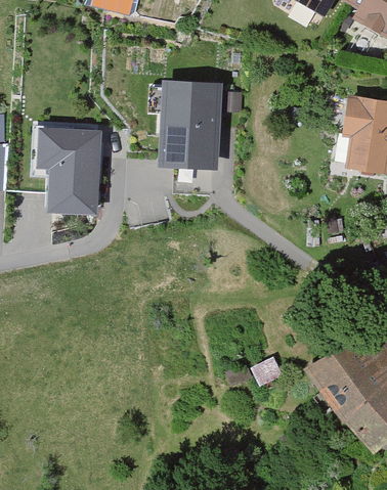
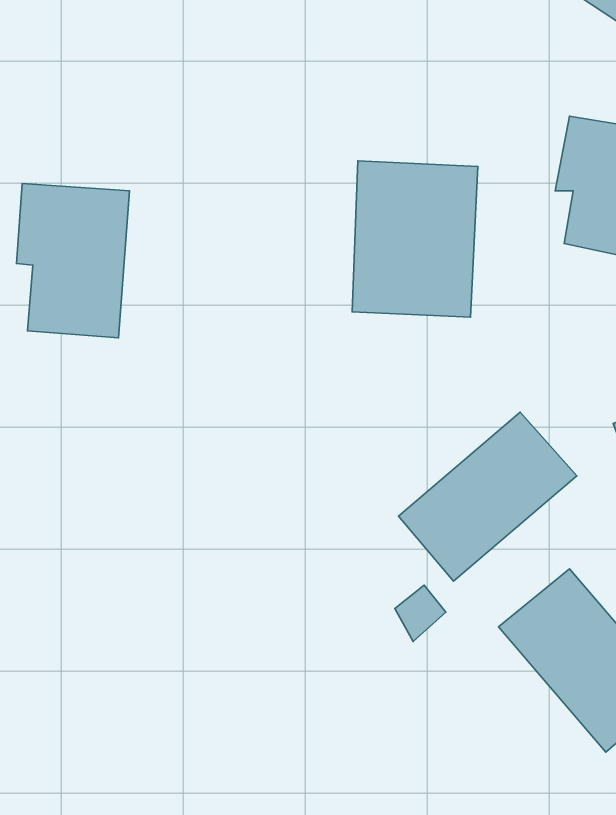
building: [155,83,225,171] -> [352,161,478,317]
building: none -> [399,412,577,581]

